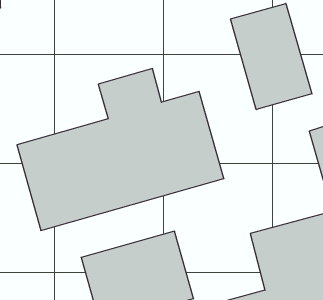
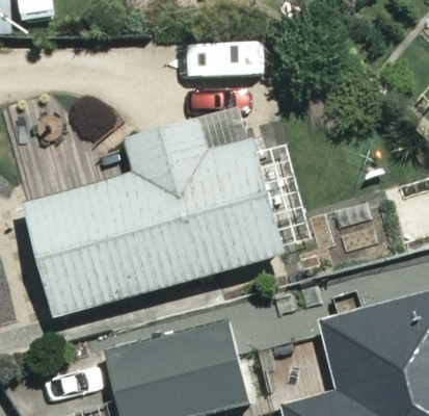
building: [231,3,312,110] -> none

